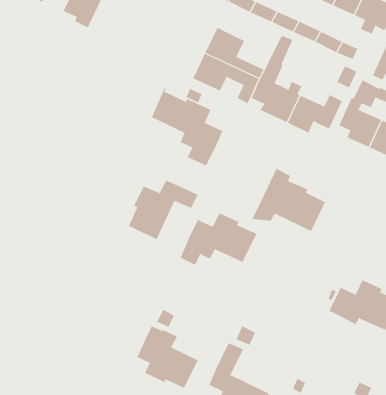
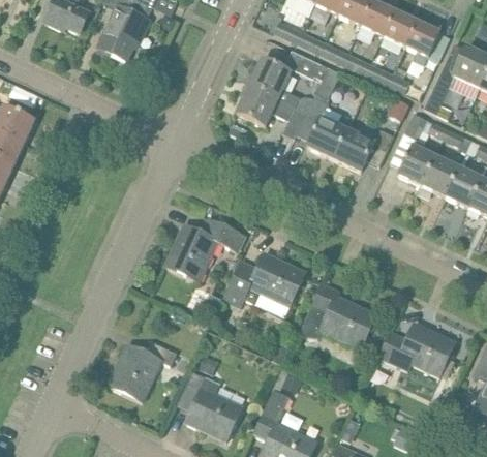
building: none -> [286,51,329,79]
building: [151,88,223,166] -> none
building: [251,168,327,232] -> [297,282,376,349]
building: none -> [108,339,177,401]

